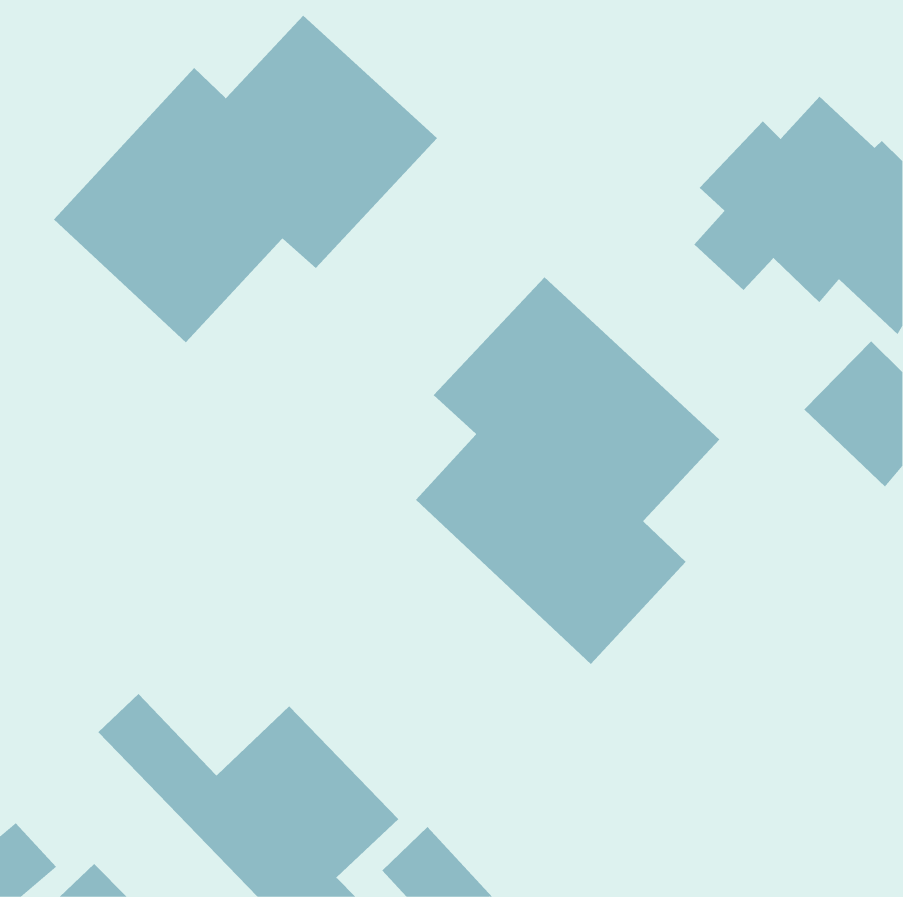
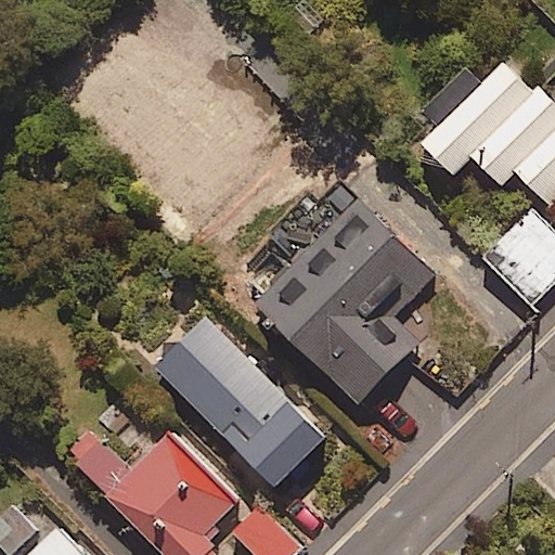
building: [53,15,438,343] -> none
building: none -> [156,318,327,493]

